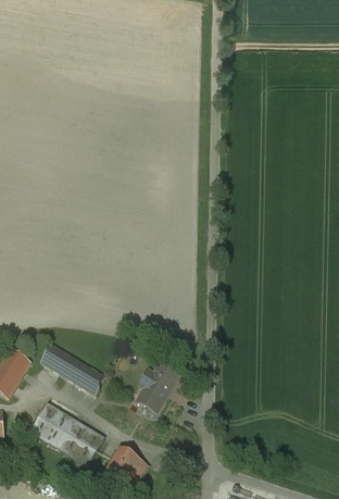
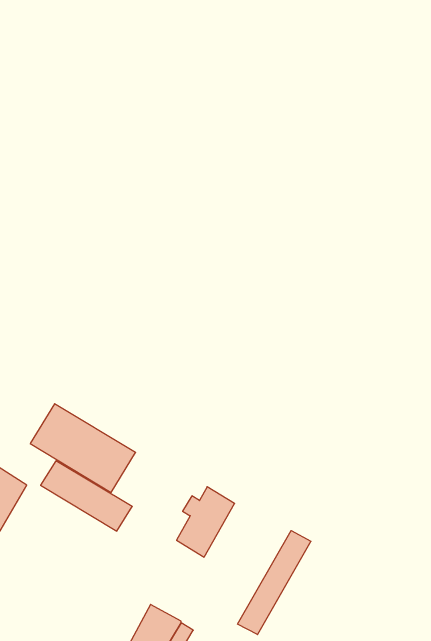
building: none -> [238,531,311,635]
building: [29,403,104,466] -> [30,404,136,492]

